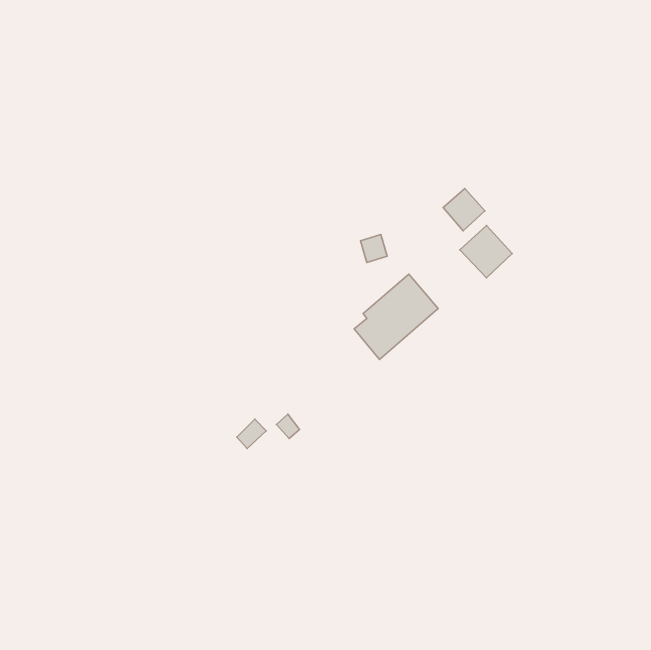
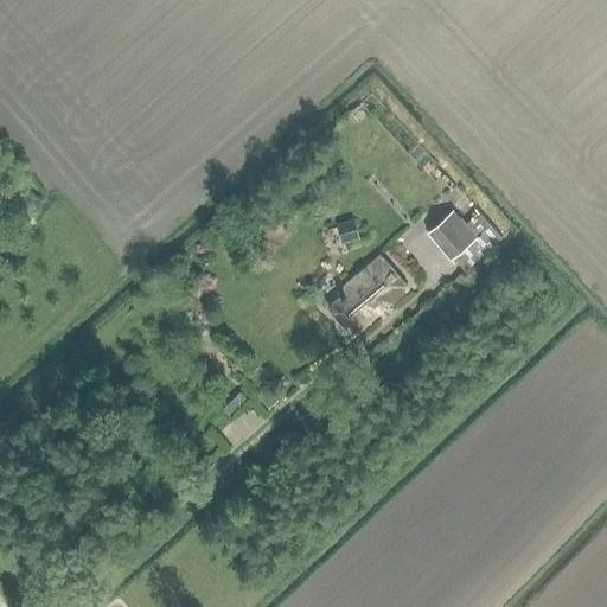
building: [443,189,485,231] -> none

